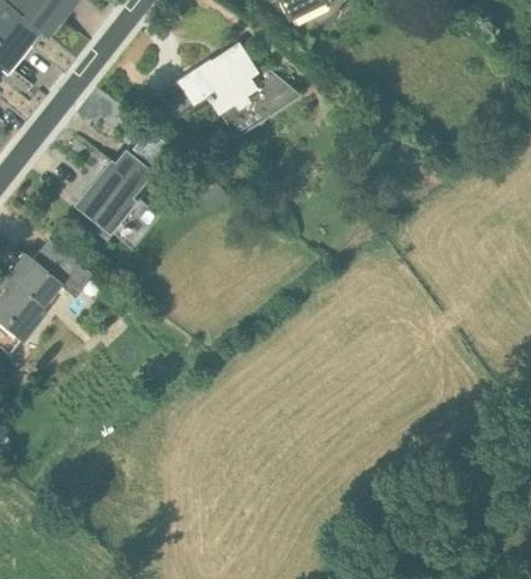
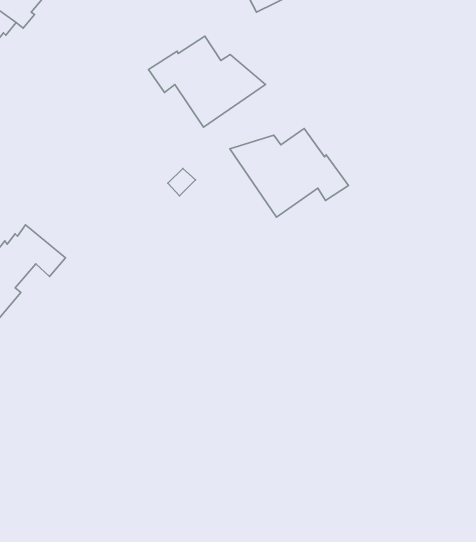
building: none -> [230,128,348,217]
building: [77,151,151,234] -> none

